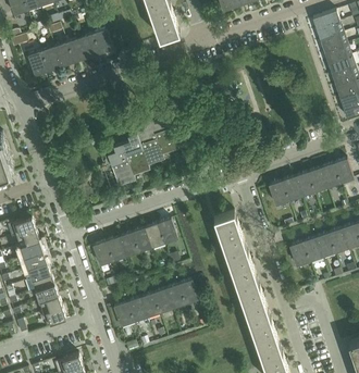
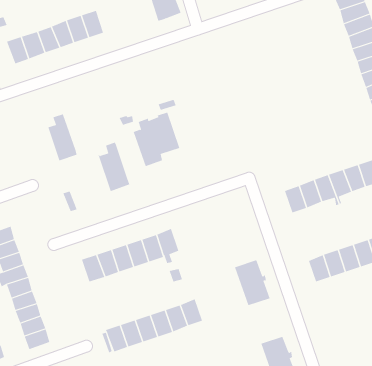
building: [122,134,148,175] -> [47,113,78,161]
building: [213,211,244,252] -> none
building: [236,279,267,319] -> none

